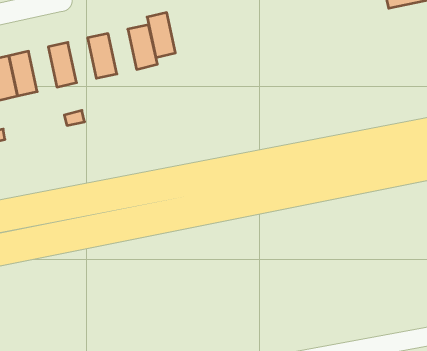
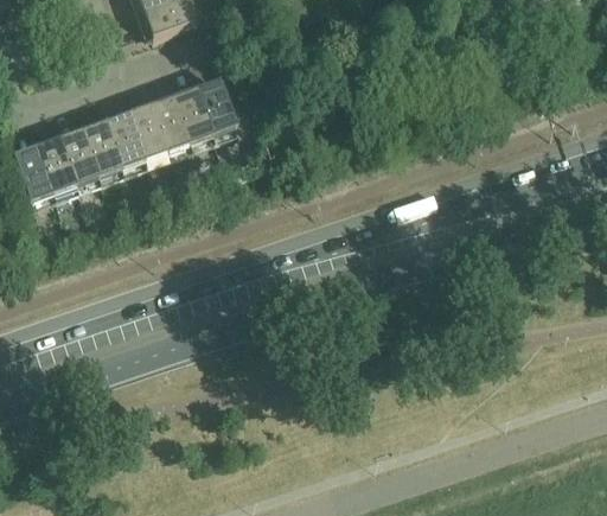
building: [147,13,175,57] -> [174,87,213,141]
building: none -> [128,103,167,158]
building: none -> [83,120,122,174]

